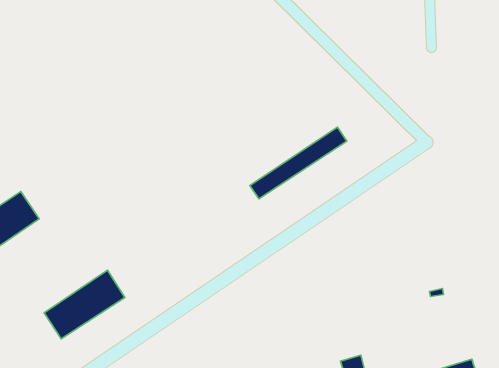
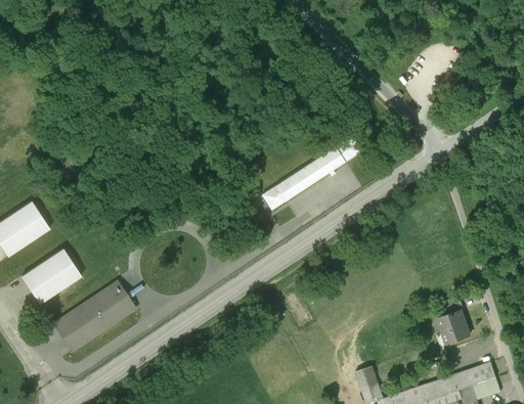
building: none -> [21,250,80,303]
building: none -> [438,309,470,343]

